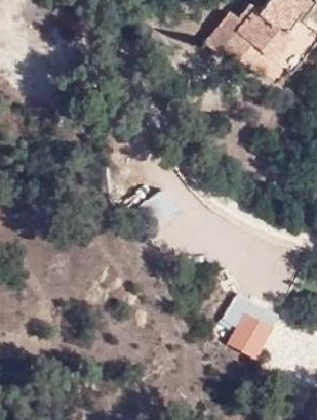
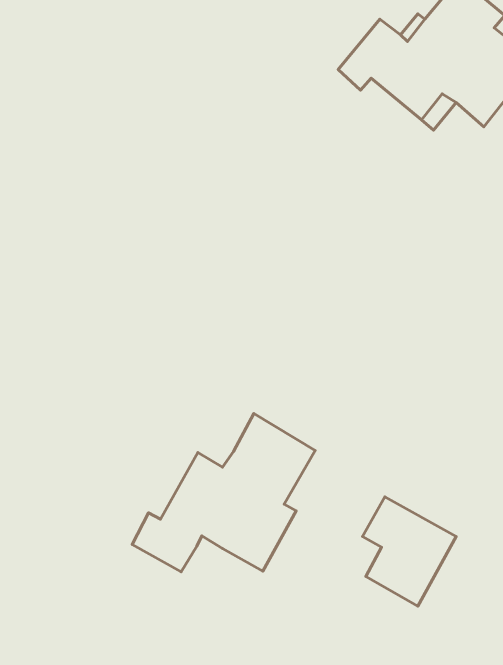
building: none -> [132,414,315,572]

